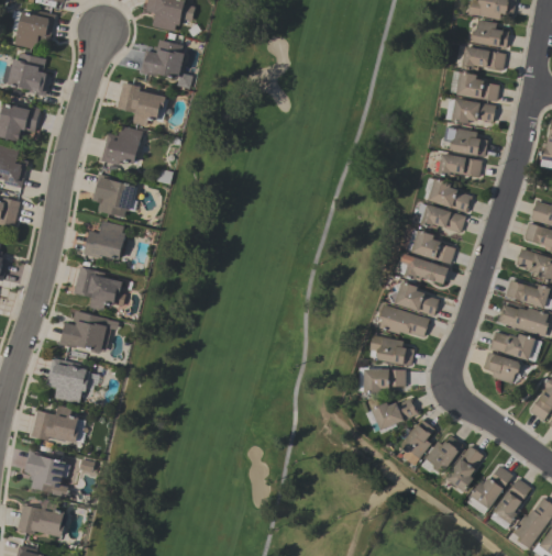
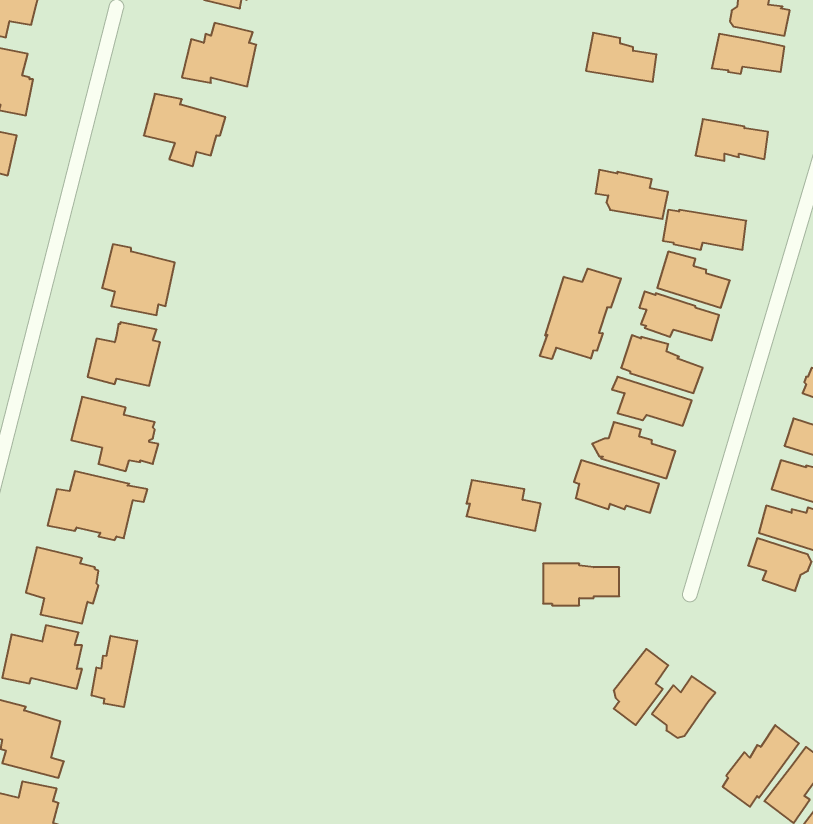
building: [455,71,498,101] -> [586,33,657,82]
building: [100,125,142,165] -> none
building: [443,126,487,156] -> [595,170,668,219]
building: none -> [540,269,621,359]
building: [368,335,413,366] -> [466,480,541,531]
building: [371,398,418,431] -> none
building: none -> [92,636,137,707]
building: [446,445,483,491] -> none

